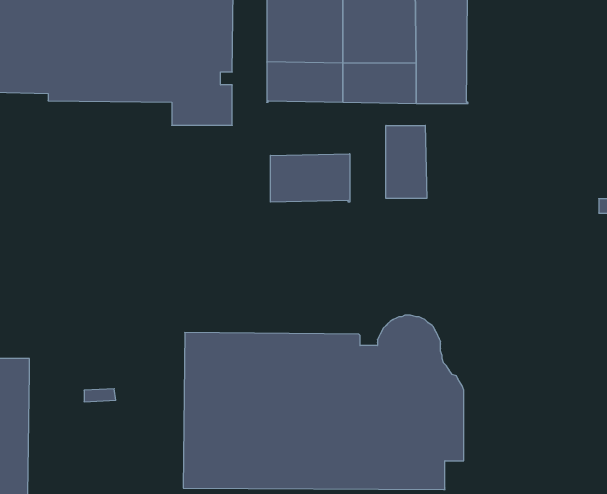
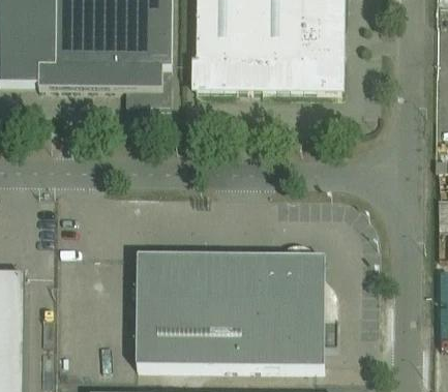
building: [386,125,427,198] -> none
building: [270,154,350,202] -> none

